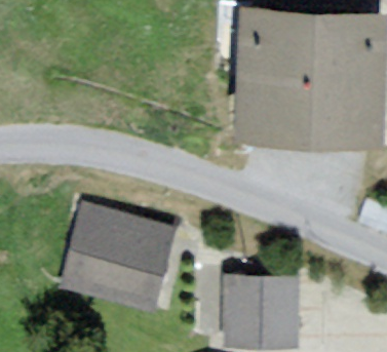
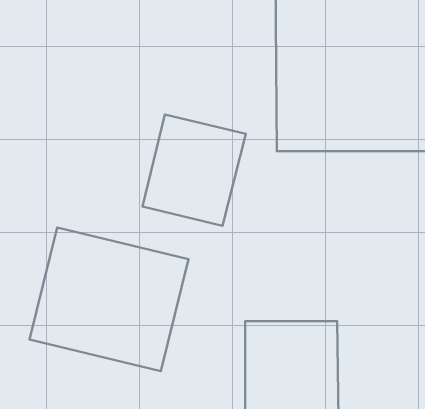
building: none -> [143,114,246,226]

